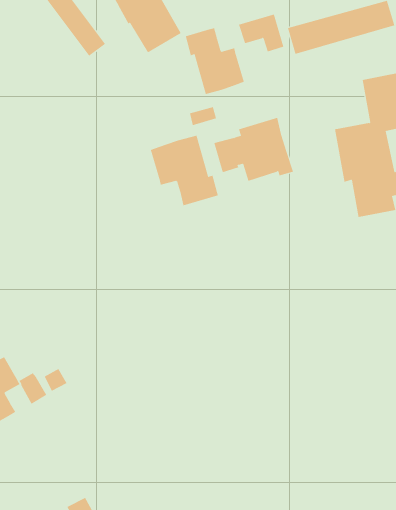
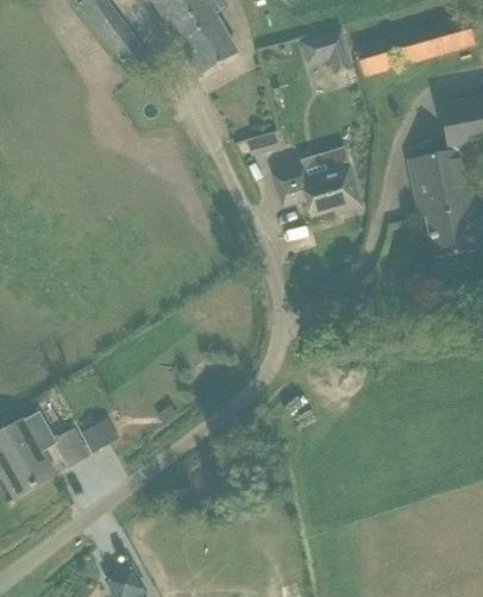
building: [185,27,244,95] -> none
building: [150,135,218,206] -> none

